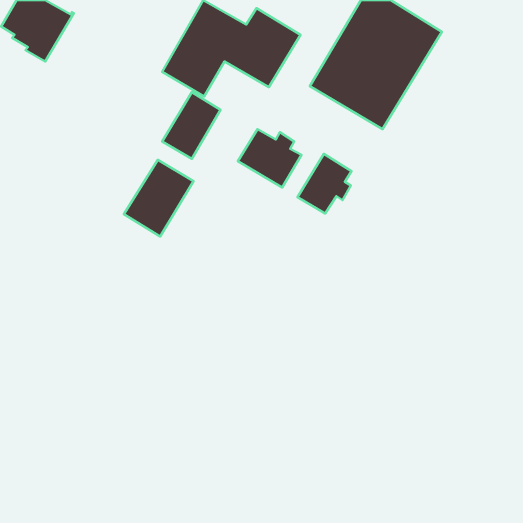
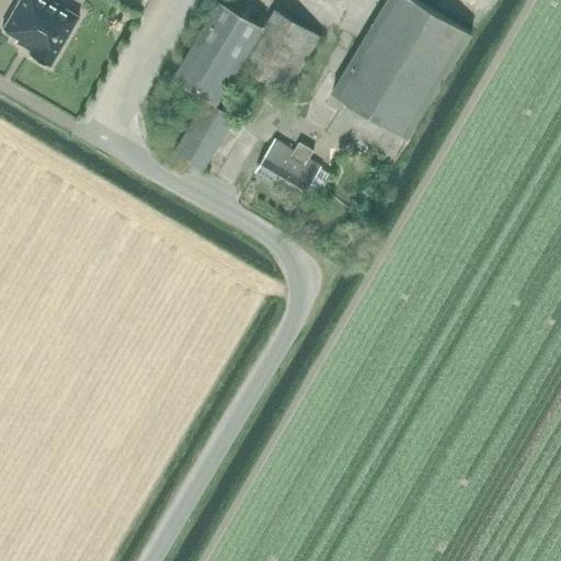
building: [297,154,352,214] -> none
building: [124,160,193,236] -> none

